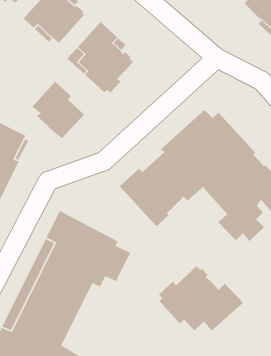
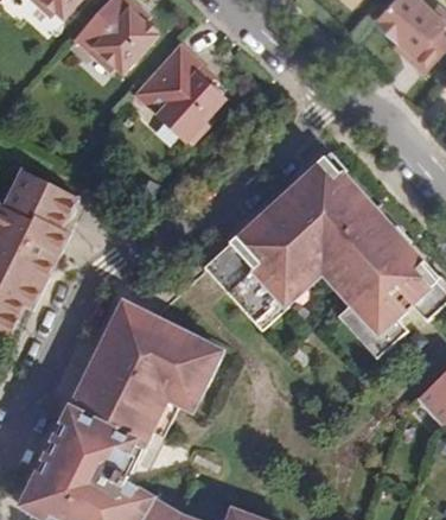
building: [31,81,85,139] -> none
building: [158,265,244,332] -> none

